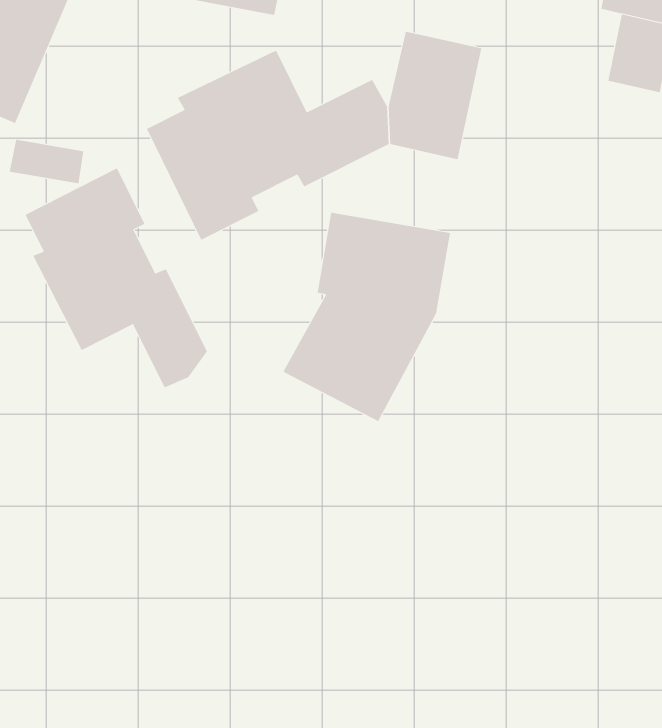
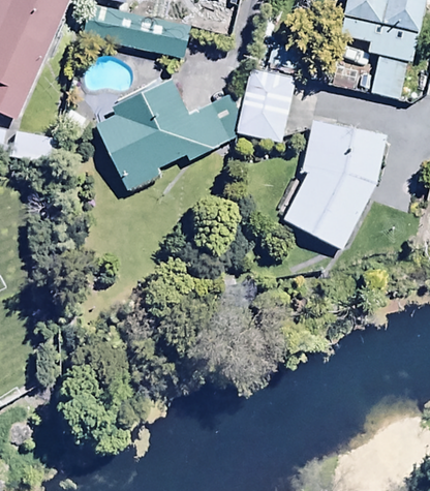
building: [25,168,208,388] -> none
building: [283,212,451,422] -> [284,121,386,247]

